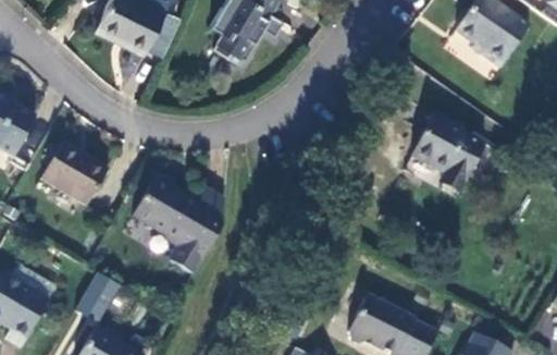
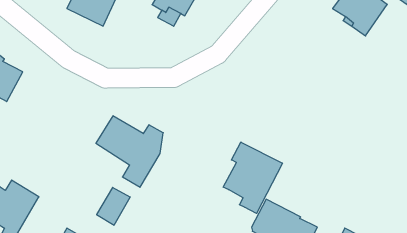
building: [410,115,483,191] -> none
building: [41,143,108,207] -> none
building: none -> [223,142,282,213]
building: [76,271,122,322] -> [97,187,130,225]

